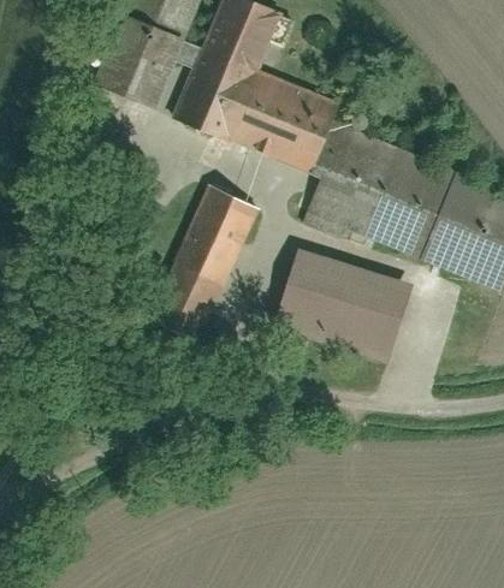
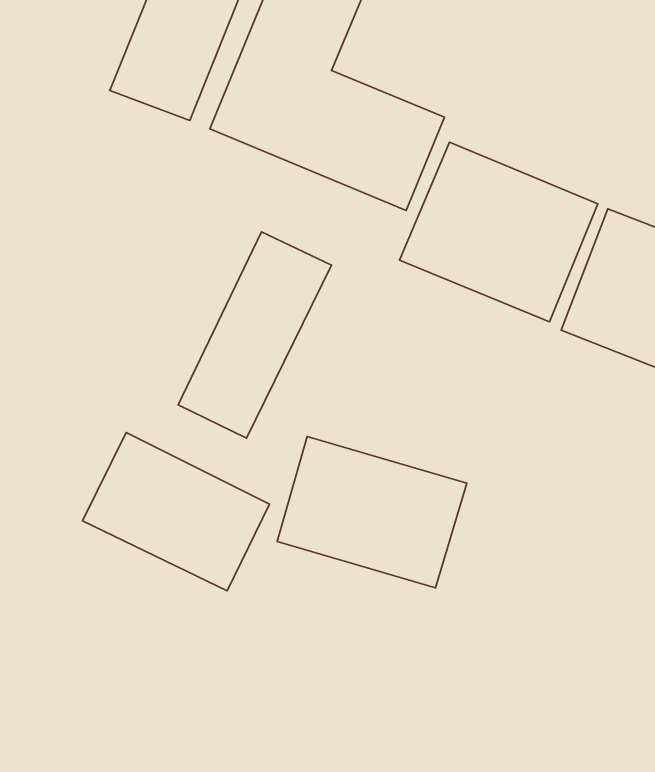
building: [272,254,409,363] -> [277,437,467,588]
building: none -> [82,433,270,591]

